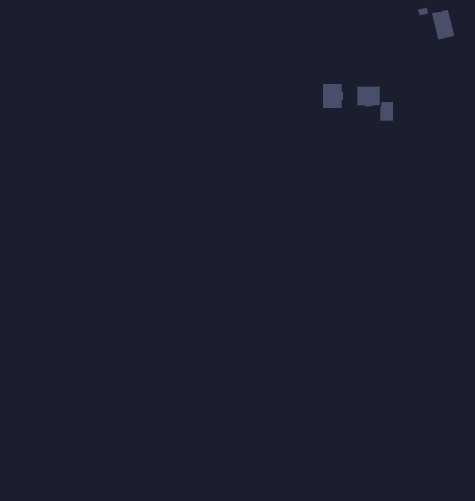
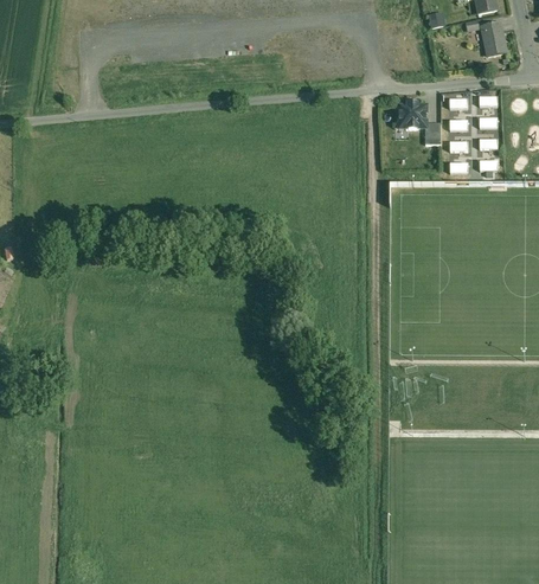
building: [322,83,343,109] -> none

